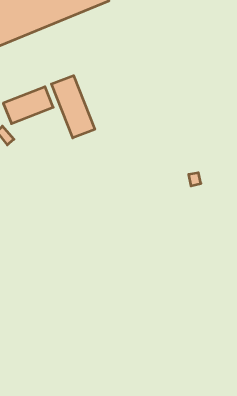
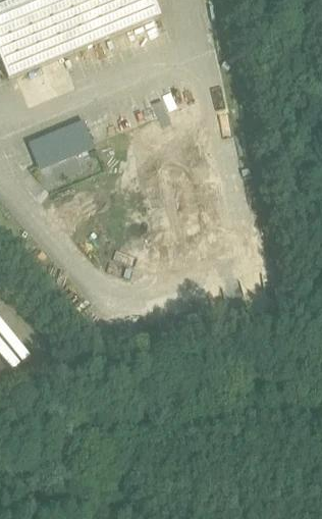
building: [51,76,95,138] -> none

